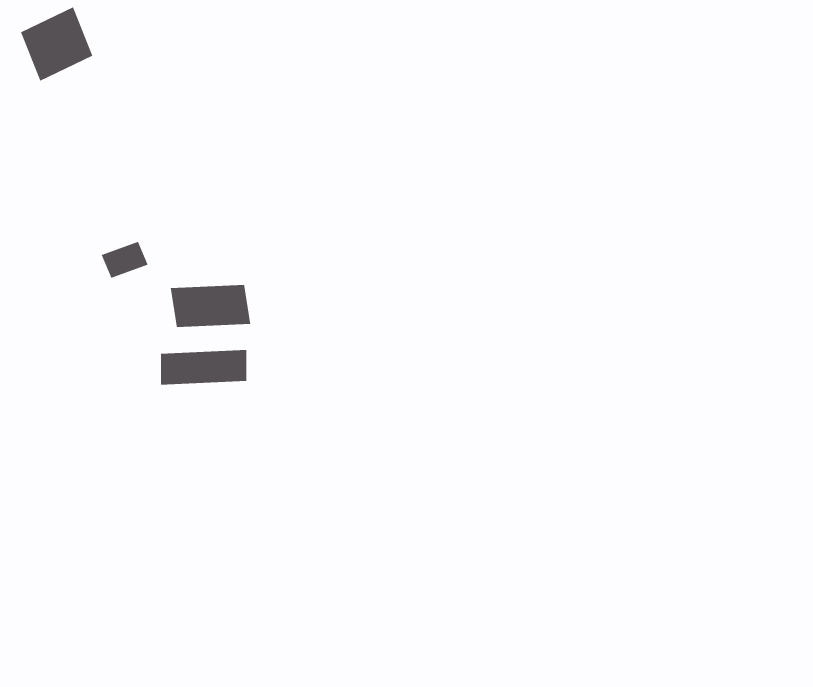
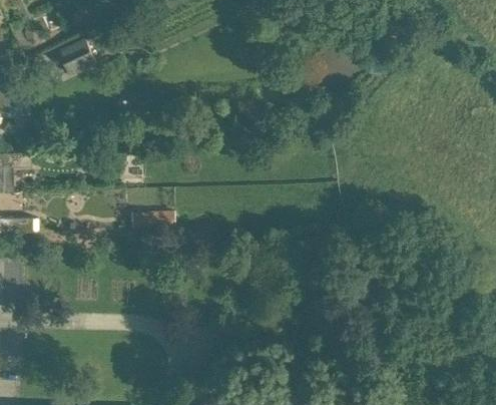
building: [170,284,251,328] -> none

